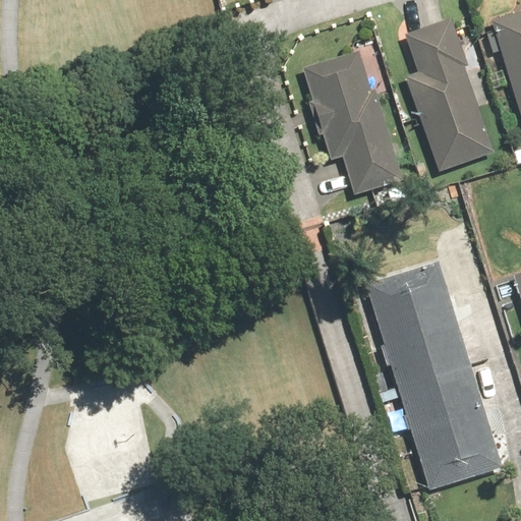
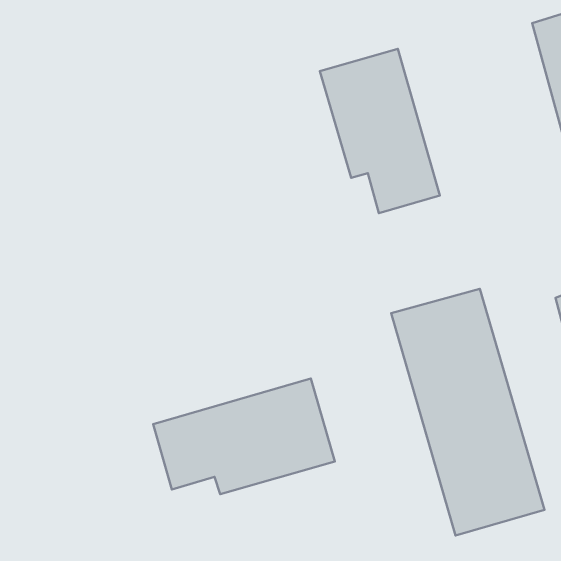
building: [404,15,499,173] -> none
building: none -> [153,379,335,494]

